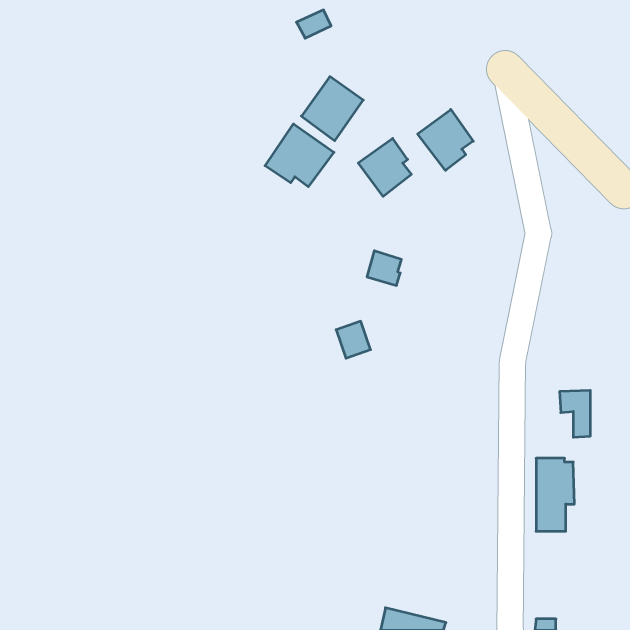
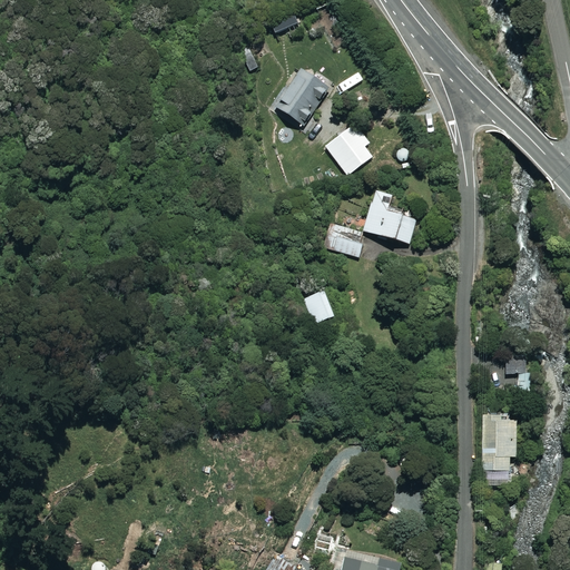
building: [418,109,473,170] -> none
building: [265,124,334,187] -> none
building: none -> [362,190,415,246]

